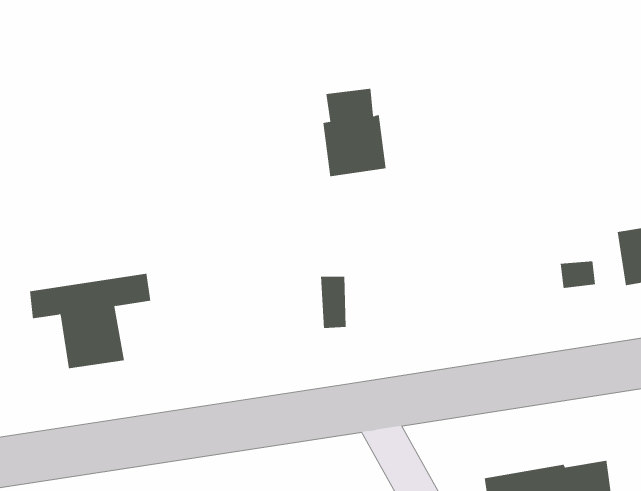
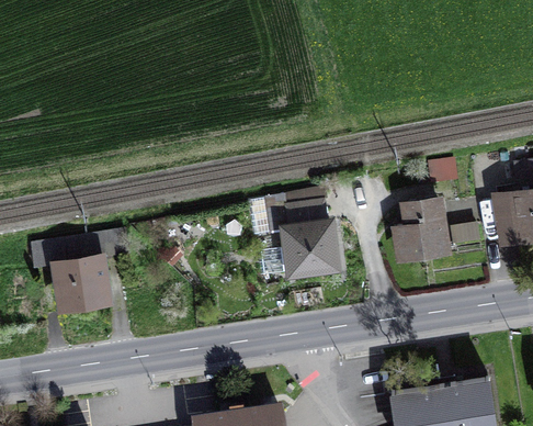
building: [323,88,386,177] -> [285,198,336,268]
building: none -> [397,197,445,251]

